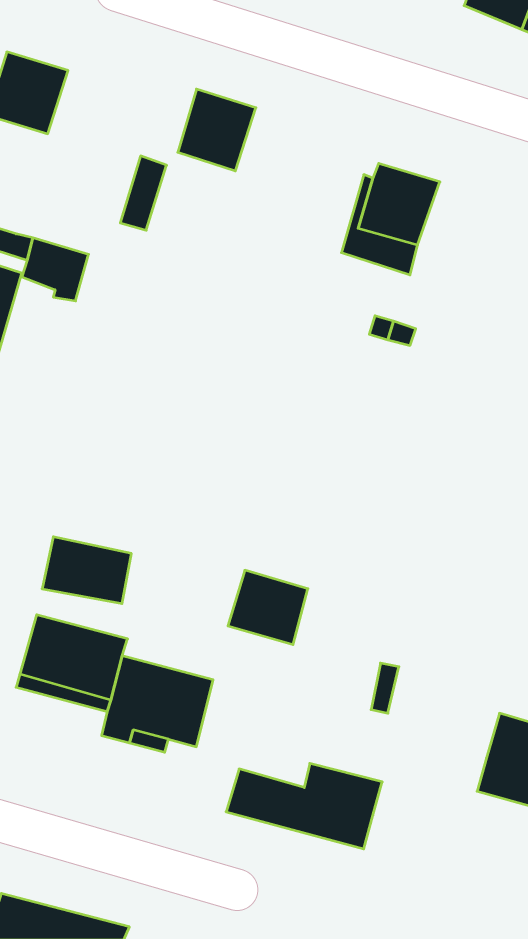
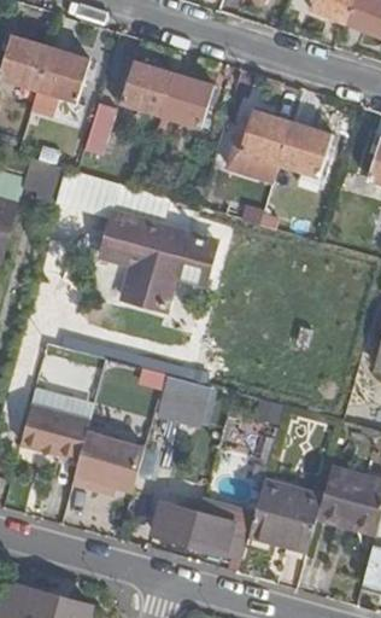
building: none -> [37,48,89,101]
building: none -> [159,72,212,127]
building: none -> [277,121,329,186]
building: none -> [100,211,211,308]
building: none -> [248,478,322,549]

